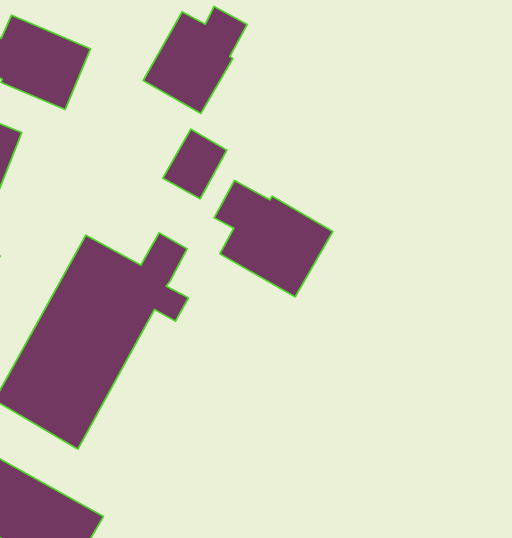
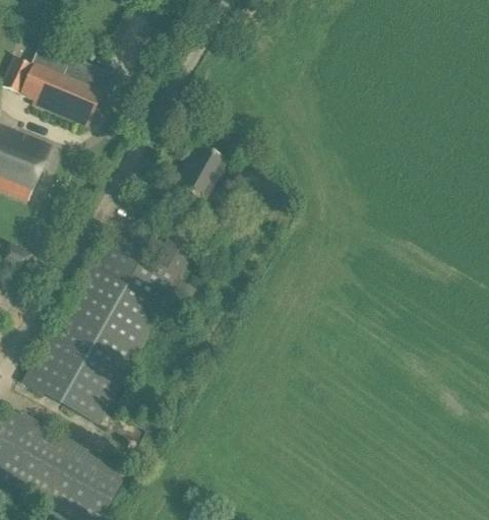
building: [143,6,247,114] -> none
building: [214,181,333,297] -> none

